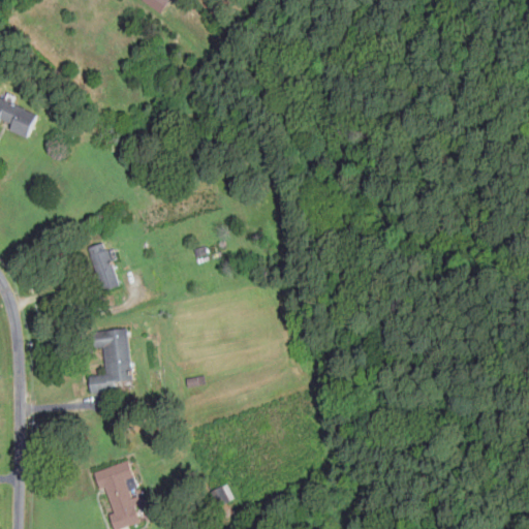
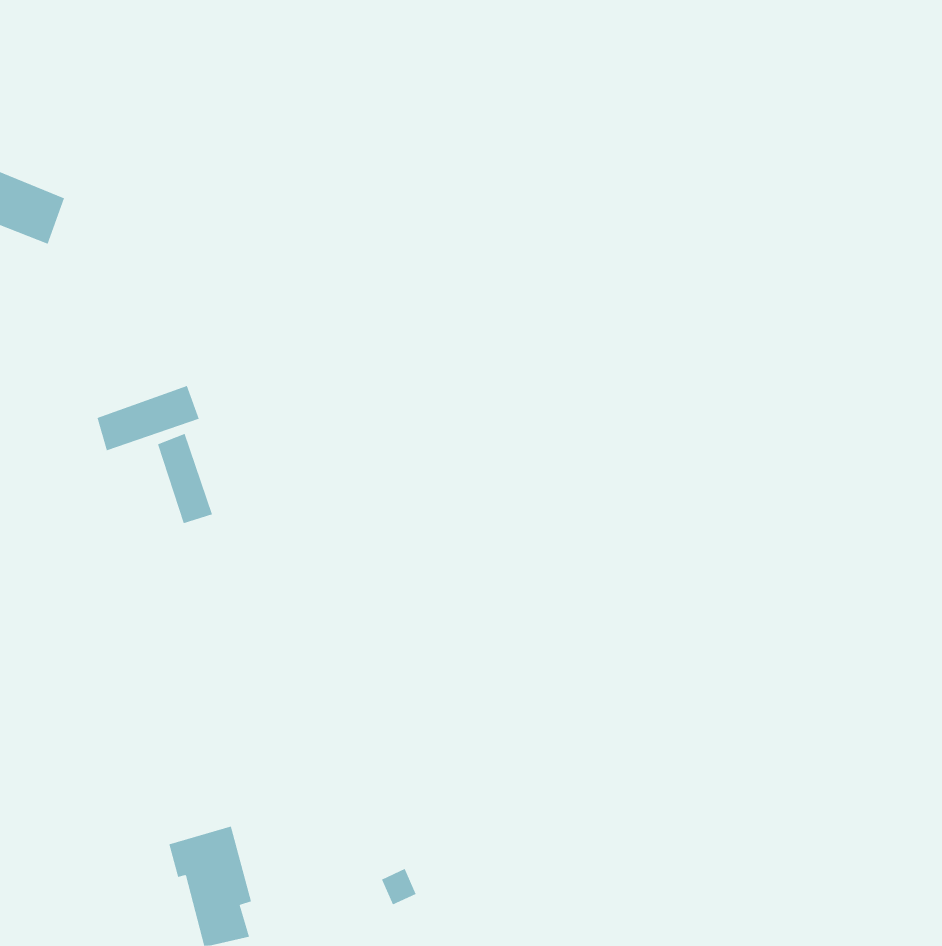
building: none -> [97,385,200,451]
building: [89,329,131,393] -> none

